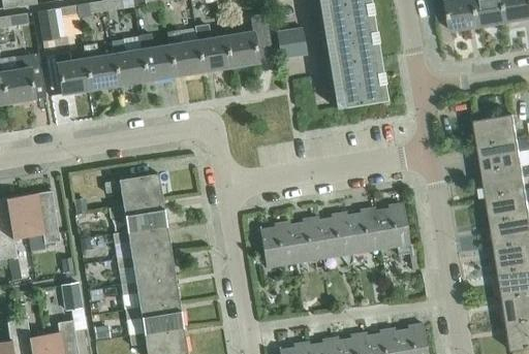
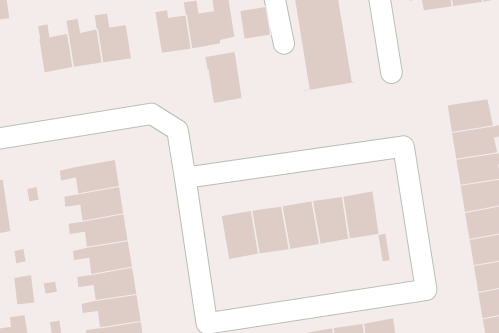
building: [165,27,201,76] -> [205,51,243,104]
building: [55,53,90,94] -> none

